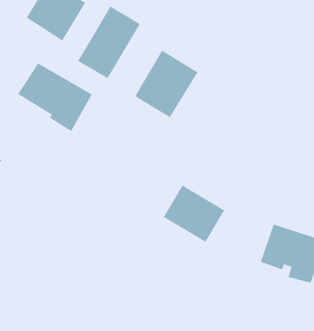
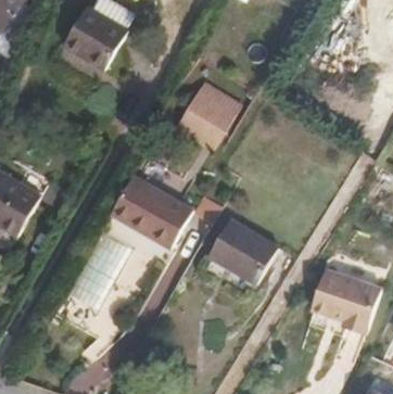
building: [77,5,141,79] -> none
building: [17,63,93,132] -> [111,177,191,251]

